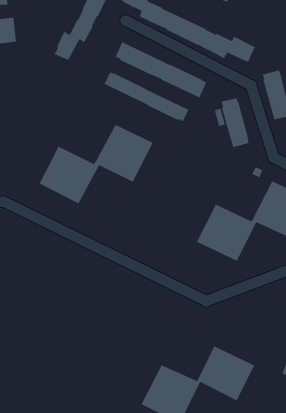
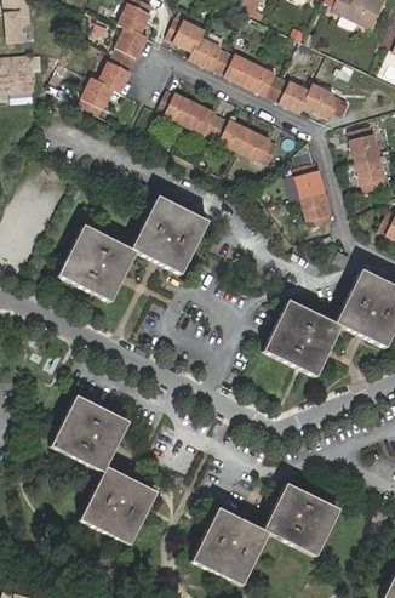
building: [104,71,190,123] -> none
building: none -> [51,395,158,543]

